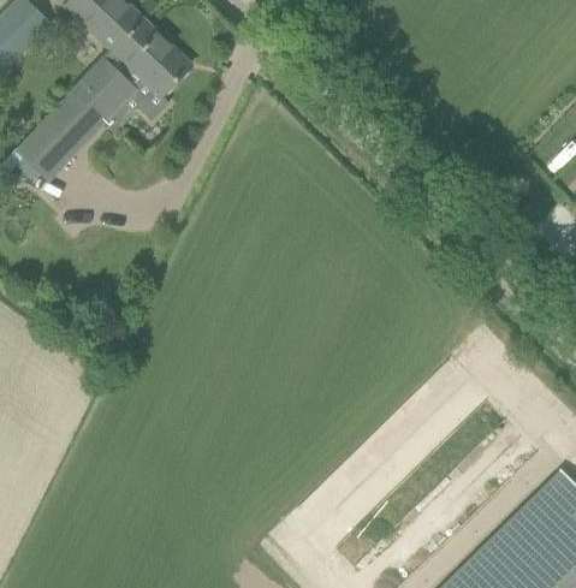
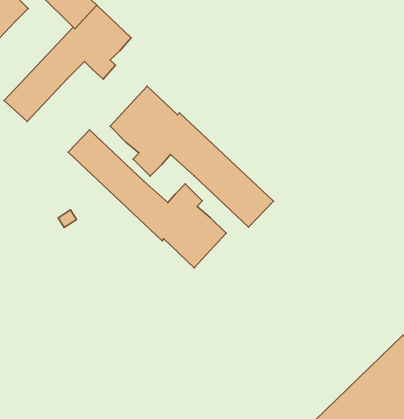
building: none -> [110,86,274,227]
building: none -> [68,130,226,268]

